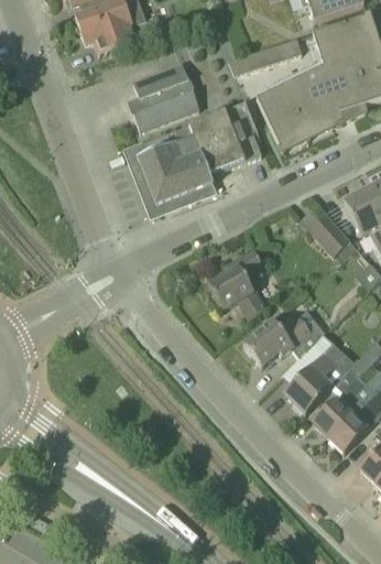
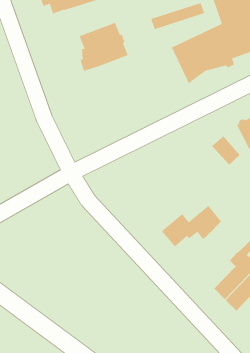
building: [132,102,261,200] -> none
building: [208,251,263,317] -> none
building: [281,343,355,414] -> none

